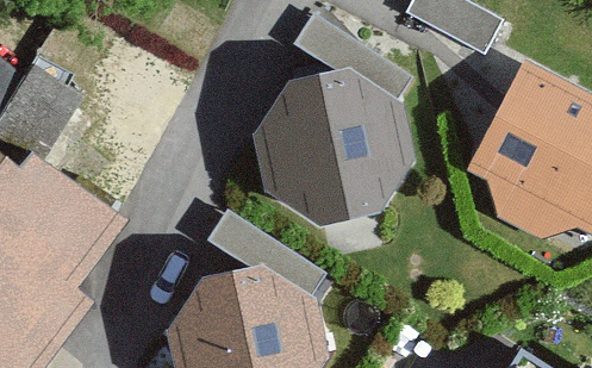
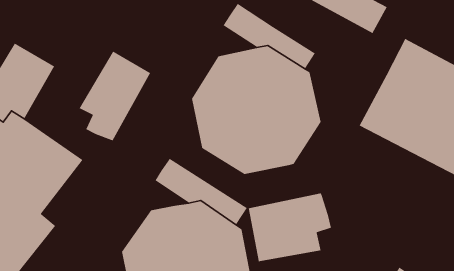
building: none -> [79,50,151,141]
building: none -> [248,192,332,262]

